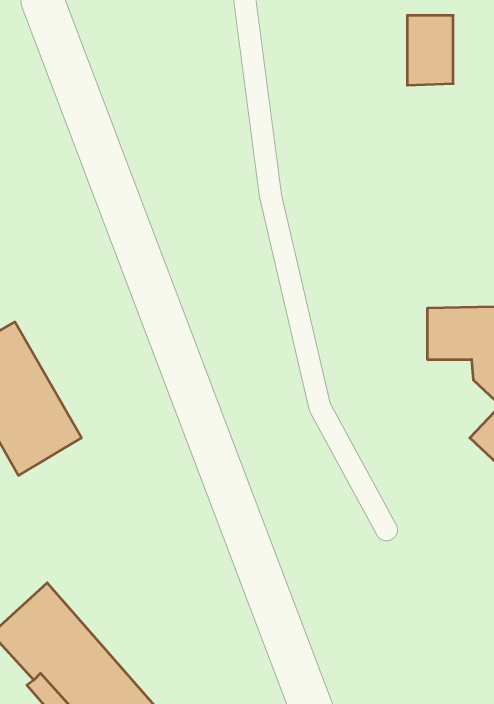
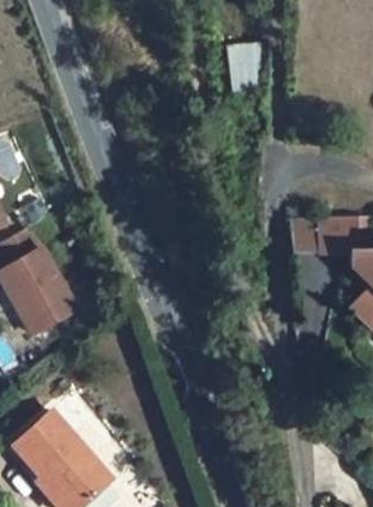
building: [407,15,453,85] -> [229,43,261,92]

